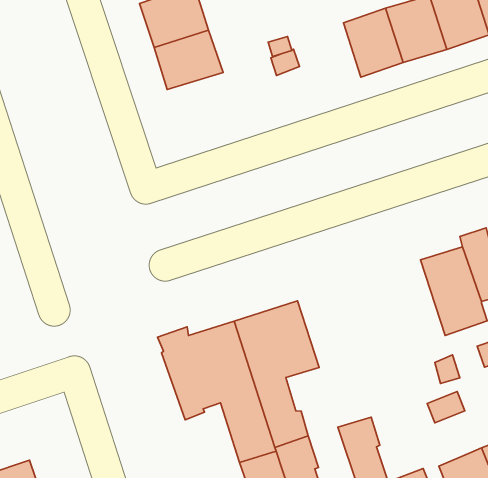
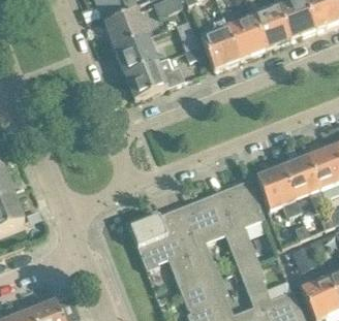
building: none -> [201,27,240,69]
building: none -> [124,57,184,100]
building: none -> [256,166,300,216]
building: none -> [210,180,265,269]

